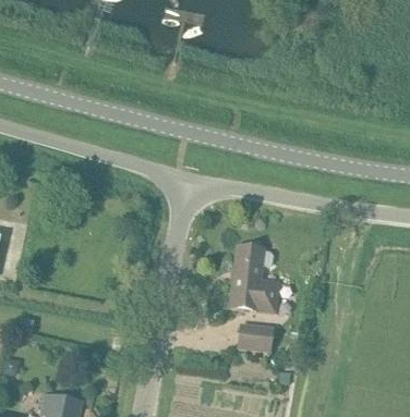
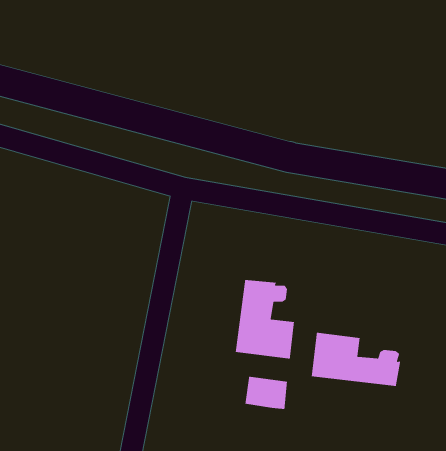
building: none -> [311,332,401,387]

